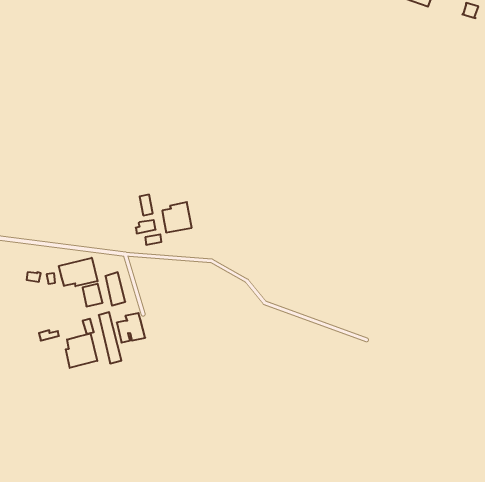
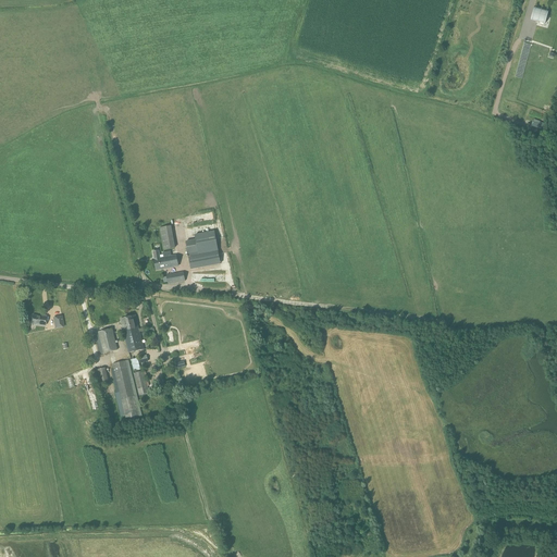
building: [59,258,98,286] -> none
building: [66,333,97,368] -> none

